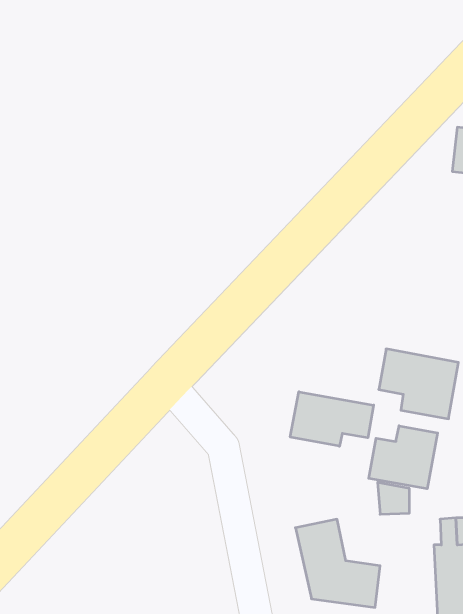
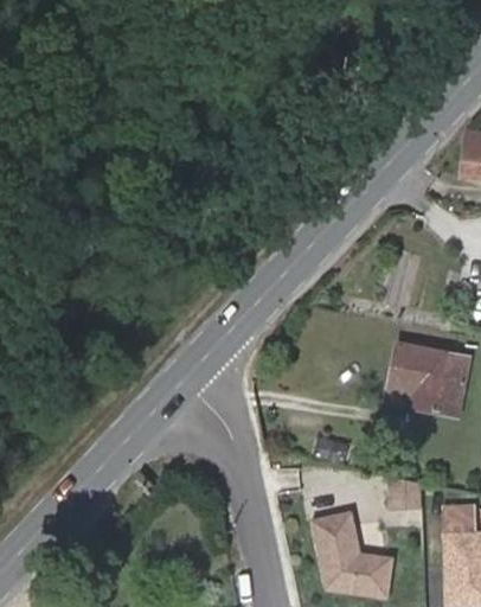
building: [290,392,374,446] -> none
building: [369,426,438,489] -> none

